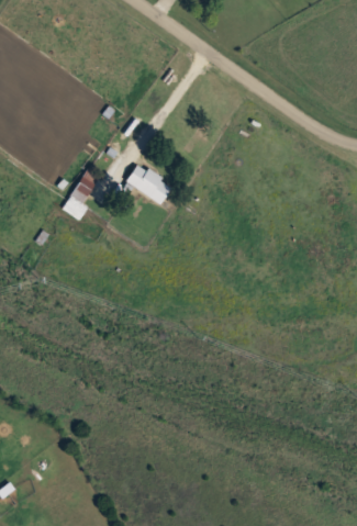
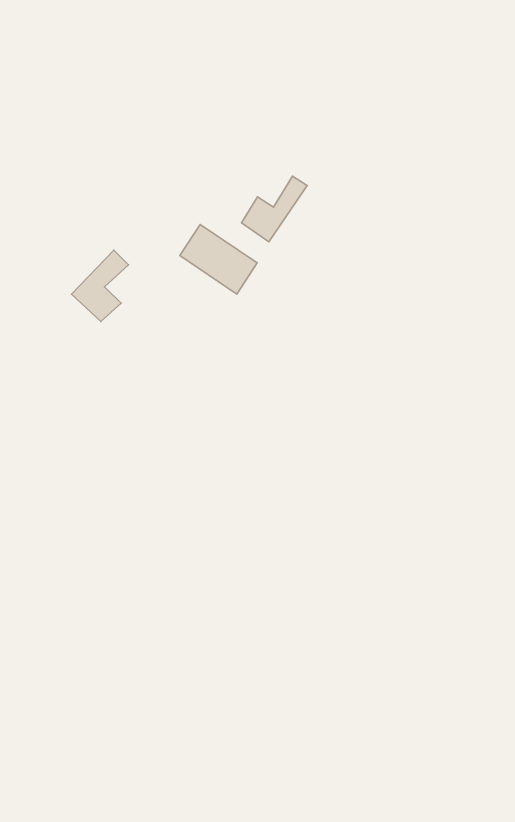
building: none -> [242,176,307,242]

